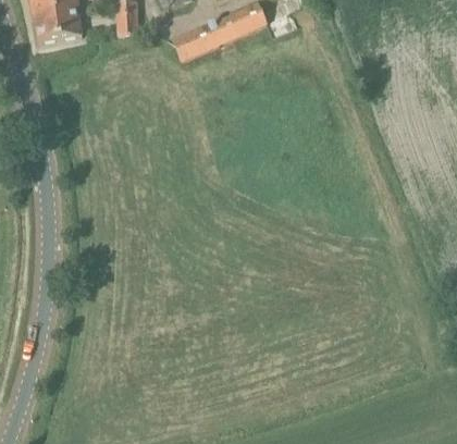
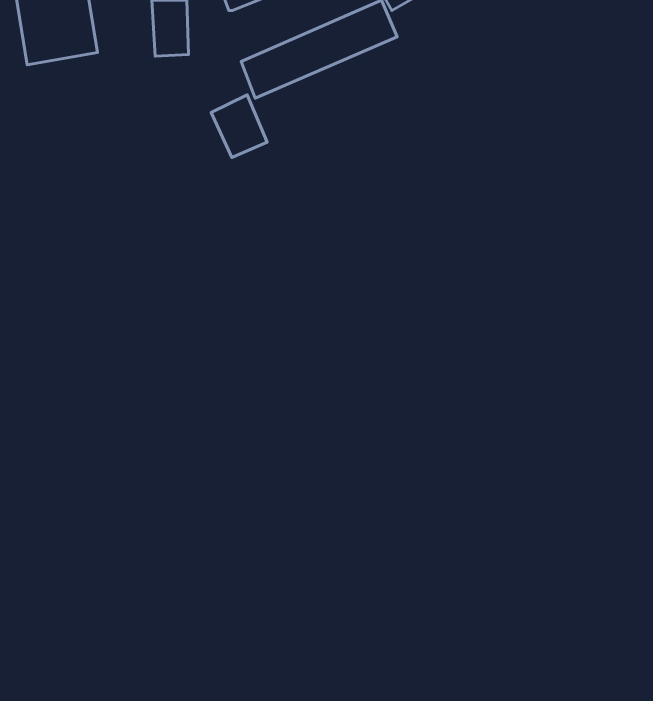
building: none -> [211,95,267,157]

